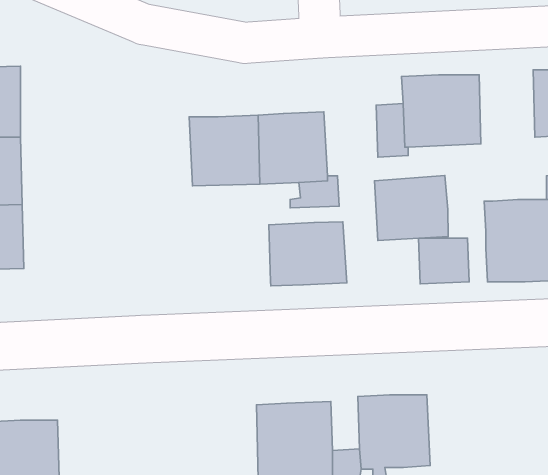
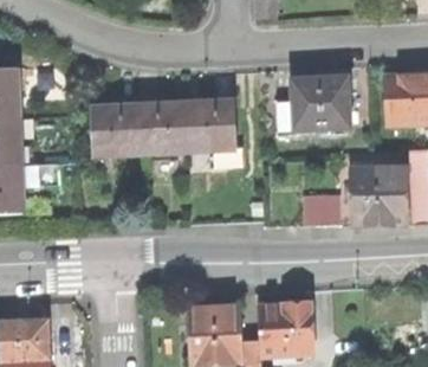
building: none -> [91,107,143,157]
building: [374,175,448,240] -> none
building: [269,222,347,286] -> none

